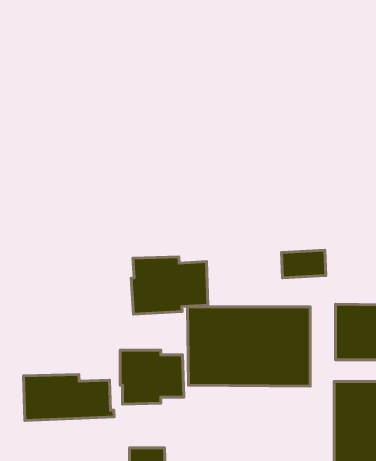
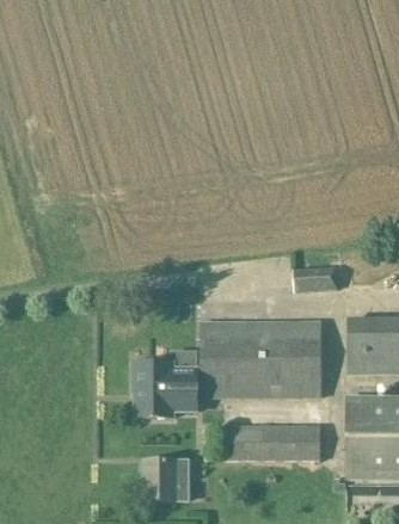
building: [131,257,208,314] -> none
building: [24,374,114,420] -> none
building: none -> [222,424,320,460]

